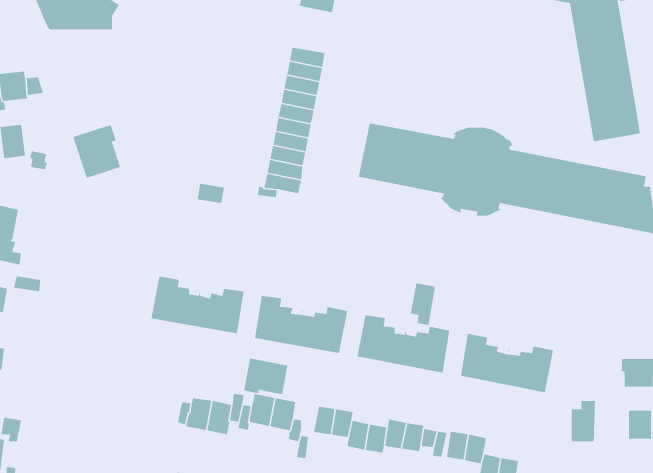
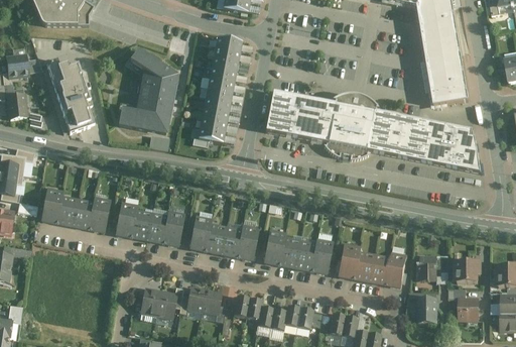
building: none -> [118,48,176,132]
building: none -> [46,60,88,102]
building: none -> [41,188,110,230]
building: [410,282,436,326] -> none
building: none -> [417,257,441,278]
building: [243,357,288,395] -> none

